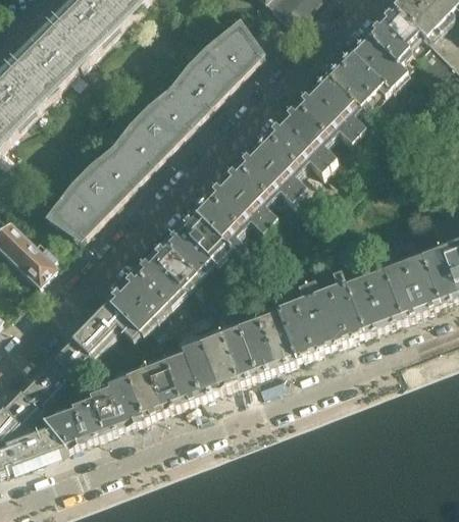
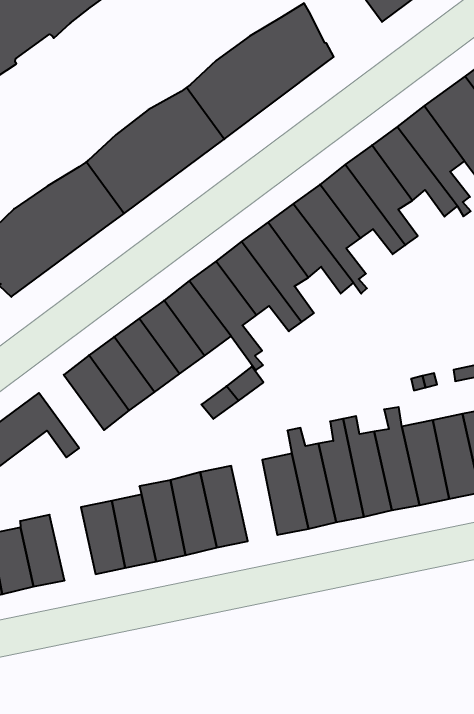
building: [108,283,154,329] -> none
building: [240,318,276,372] -> none
building: [128,367,163,416] -> none

